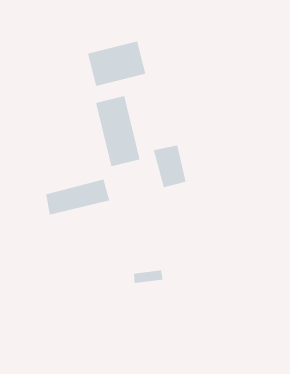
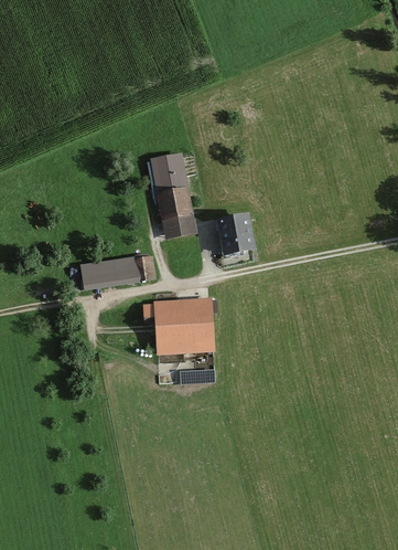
building: [87,41,146,87] -> none
building: none -> [151,297,214,356]

